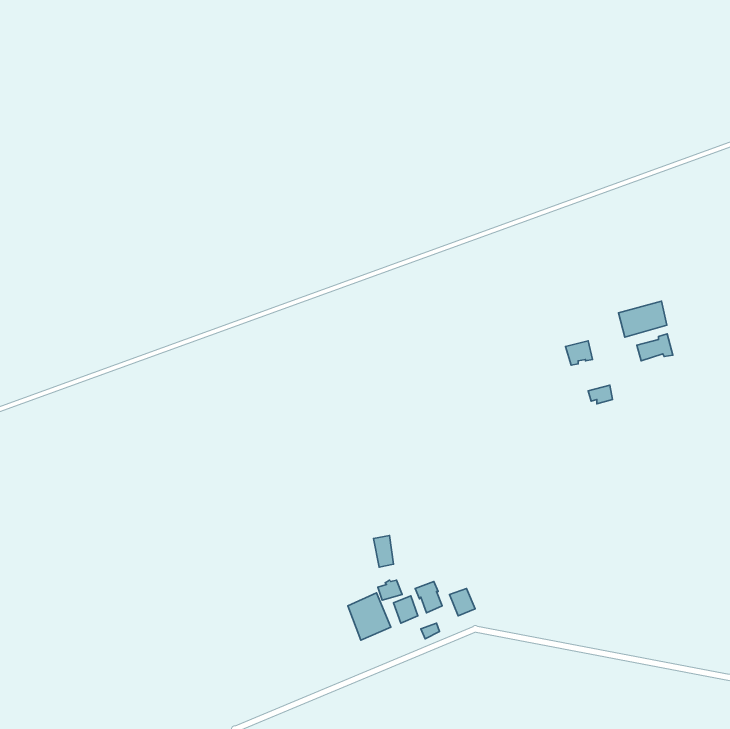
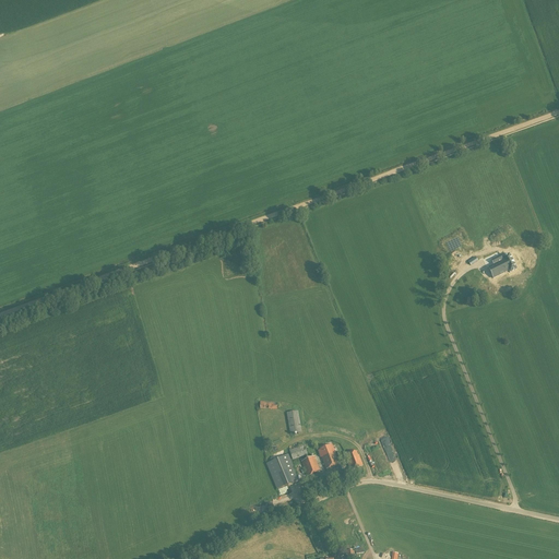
building: [619,301,667,337] -> none

